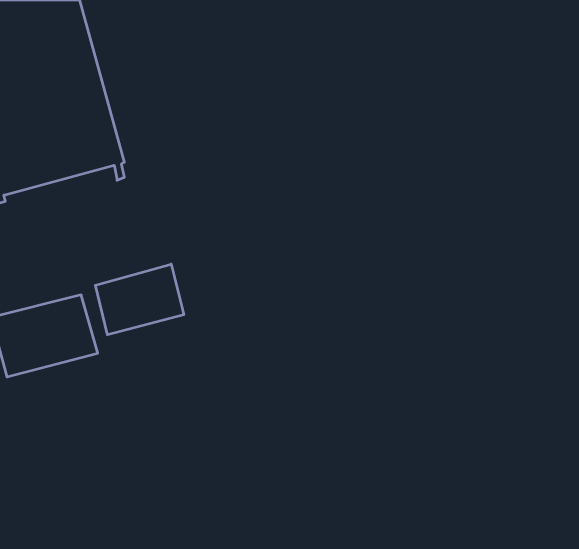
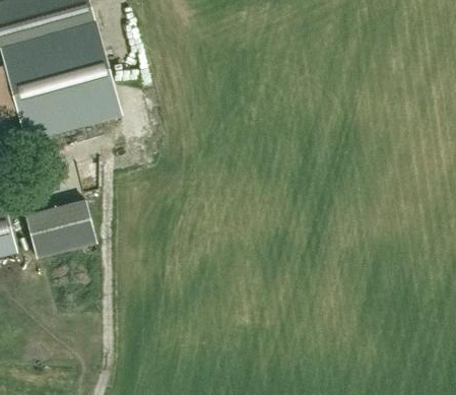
building: [95,264,184,335] -> none

